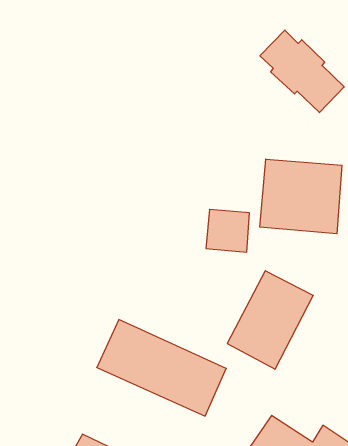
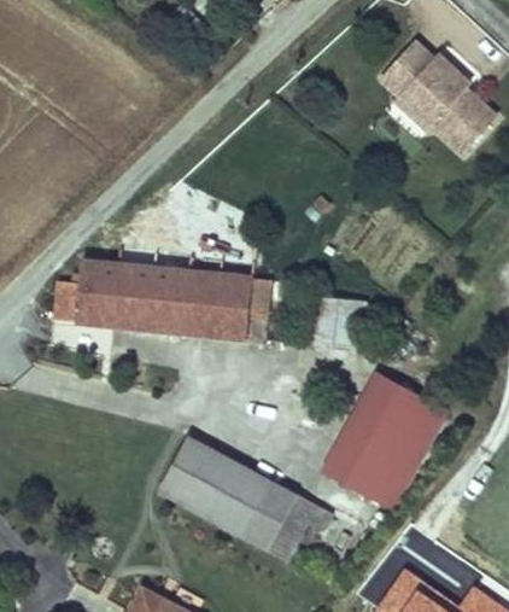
building: [260,159,342,234] -> none
building: none -> [51,258,267,337]

